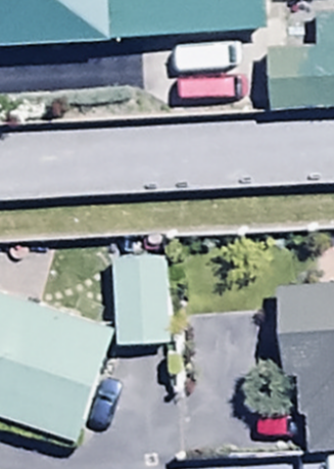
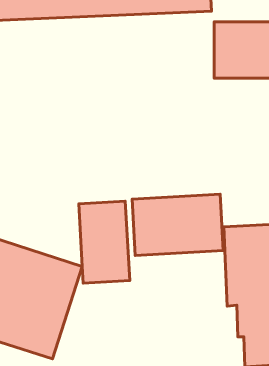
building: none -> [132,194,223,256]

